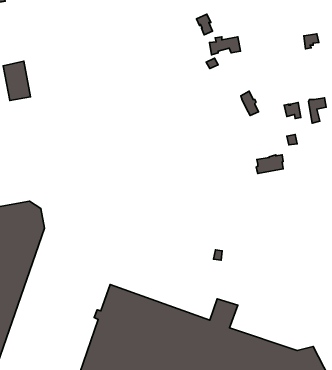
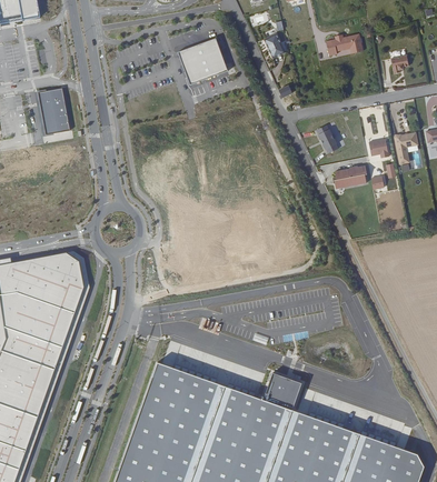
building: none -> [175,39,225,86]
building: [210,37,241,55] -> [326,34,362,56]
building: [256,155,283,174] -> [332,165,365,188]

